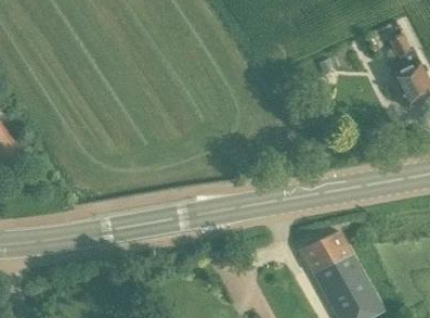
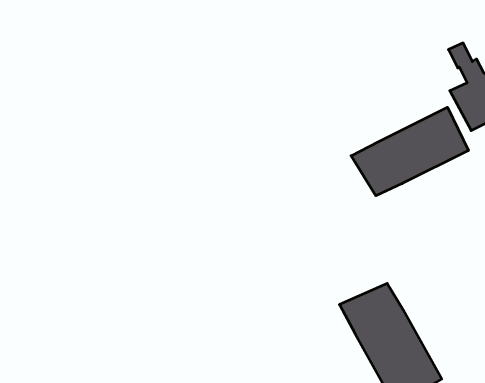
building: none -> [351,107,468,196]

